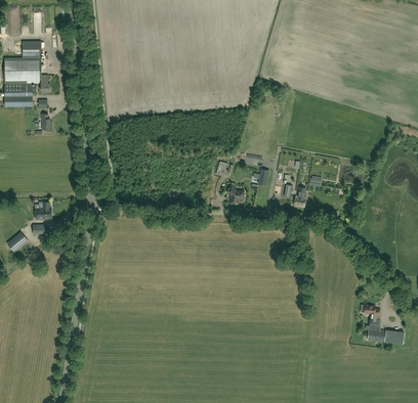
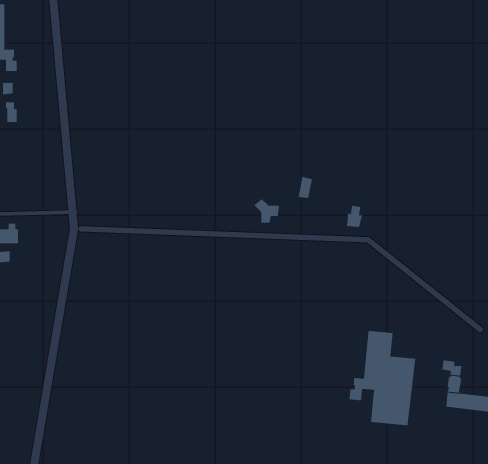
building: none -> [349,330,416,426]

